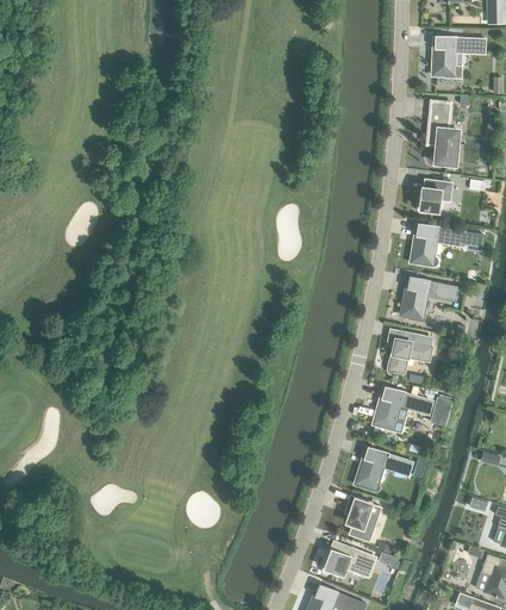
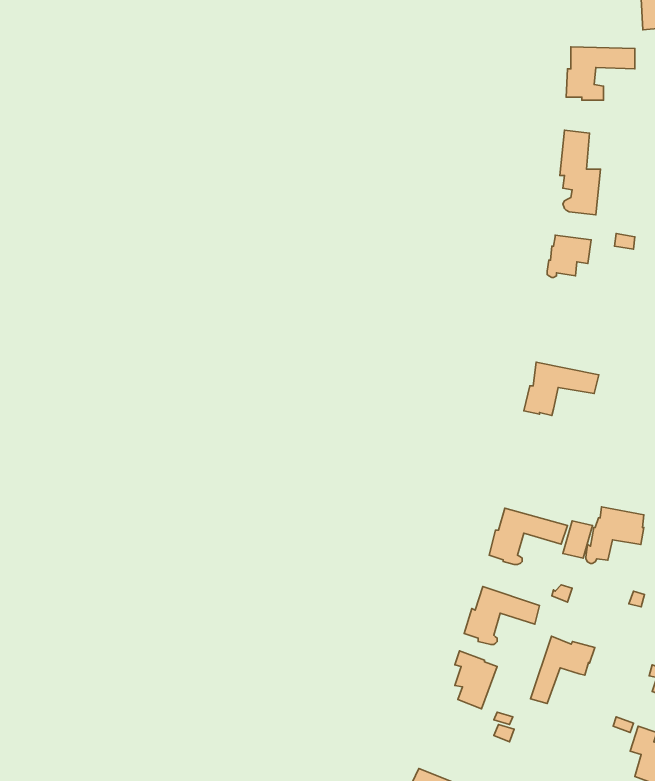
building: [411,224,466,266] -> none
building: [387,331,431,374] -> [586,507,644,563]
building: none -> [531,636,595,703]
building: [323,542,375,575] -> none

